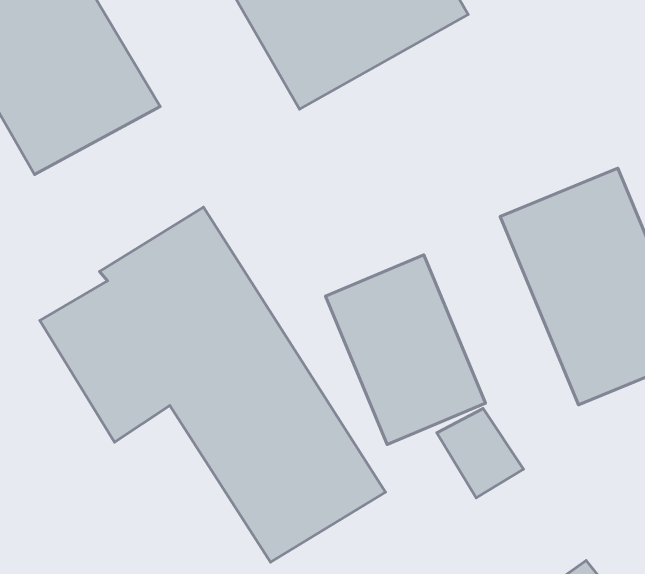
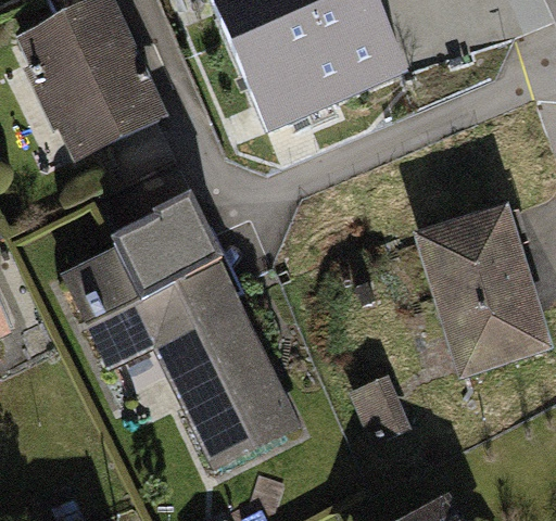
building: [326,255,486,445] -> none

